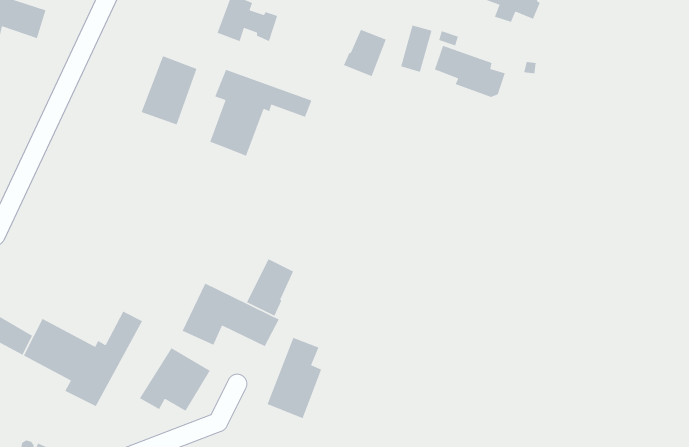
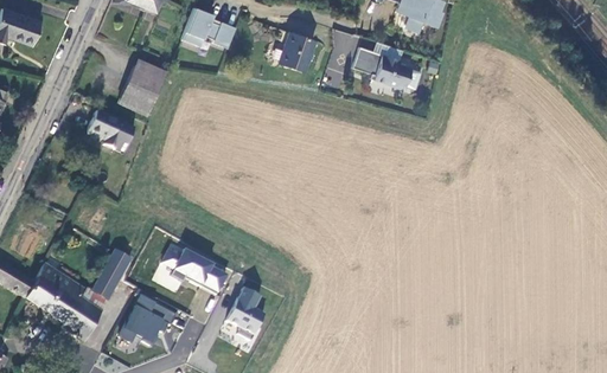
building: [209,69,313,157] -> none
building: none -> [87,111,124,150]
building: [246,258,294,317] -> none

